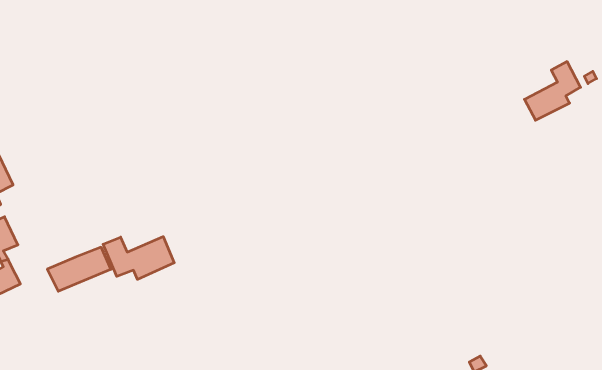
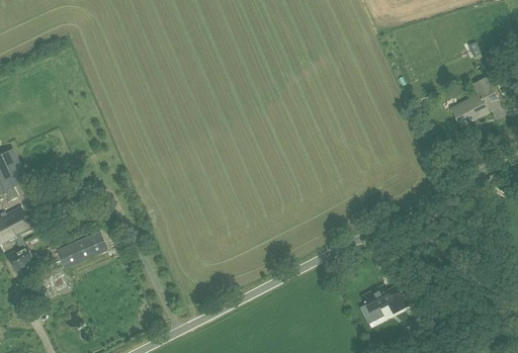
building: [103,237,174,279] -> none
building: none -> [361,286,407,314]

